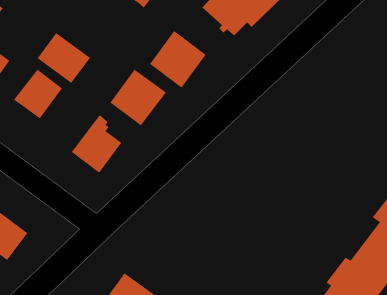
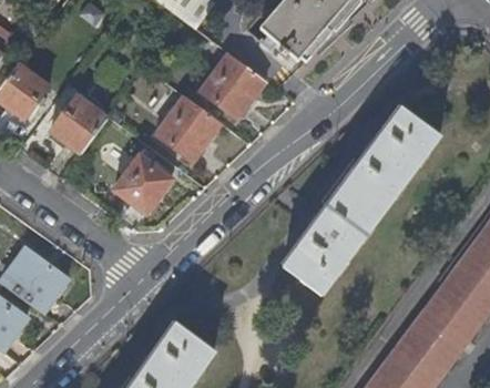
building: [37,32,91,84] -> none
building: none -> [279,103,437,290]

